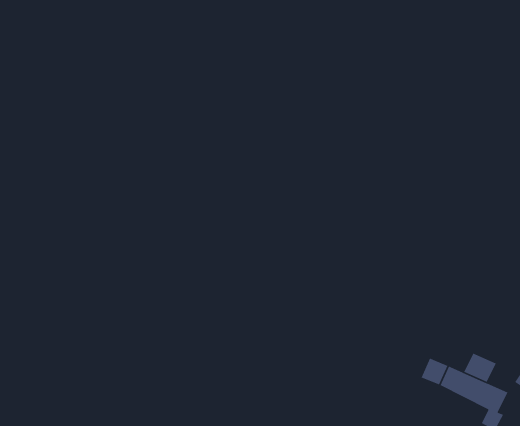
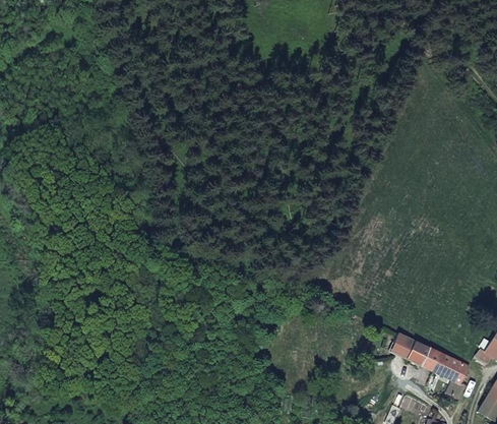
building: [463,352,497,383] -> none

